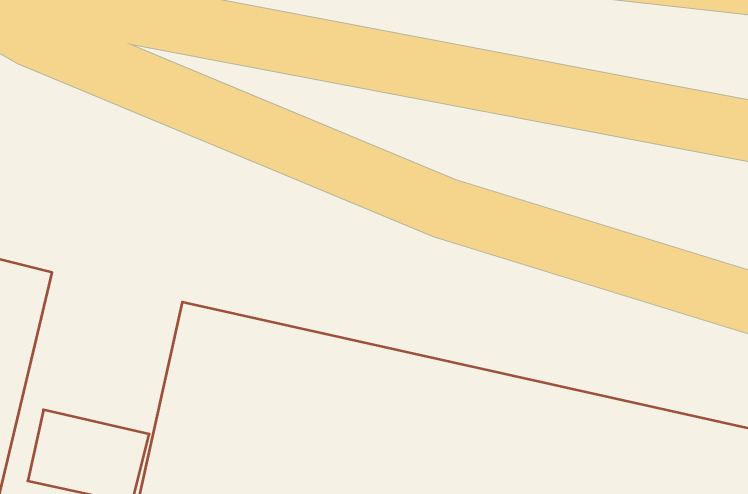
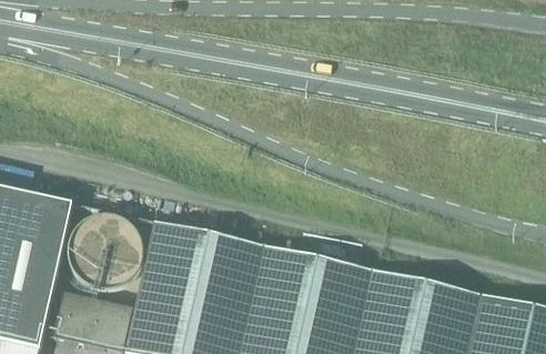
building: none -> [68,212,142,286]

